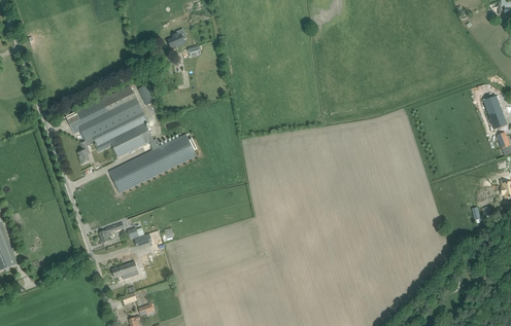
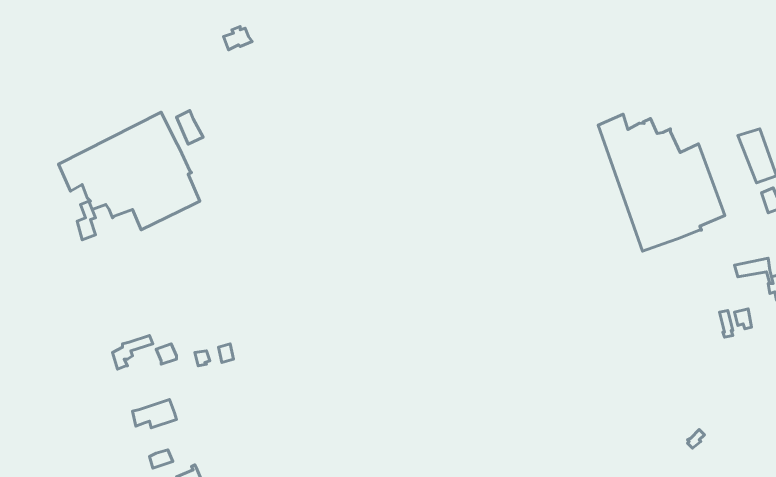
building: none -> [598,114,725,251]
building: [110,134,197,192] -> none

